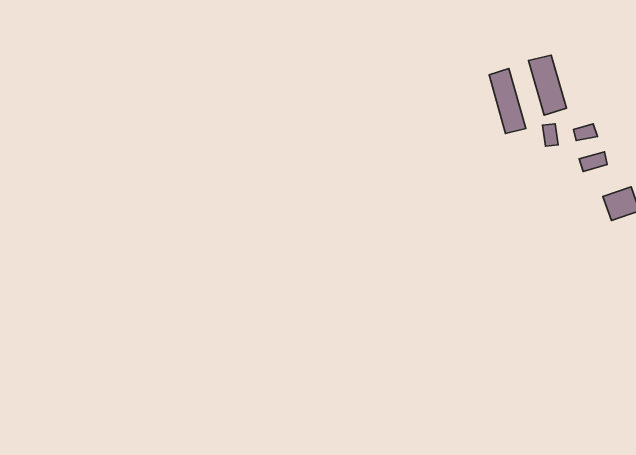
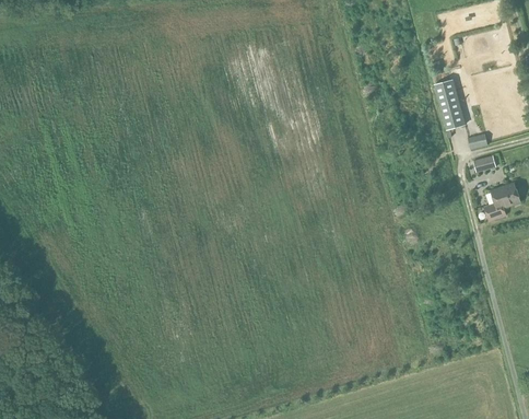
building: [489,69,526,134] -> none

